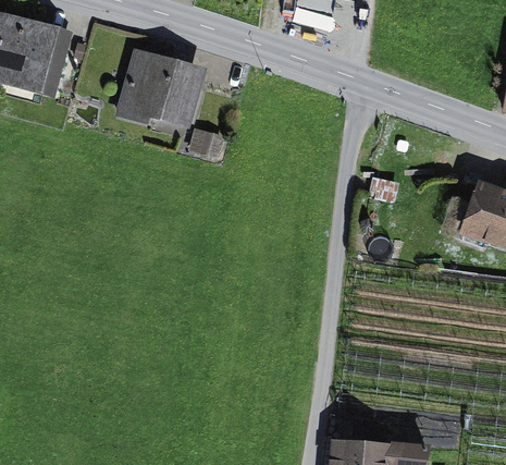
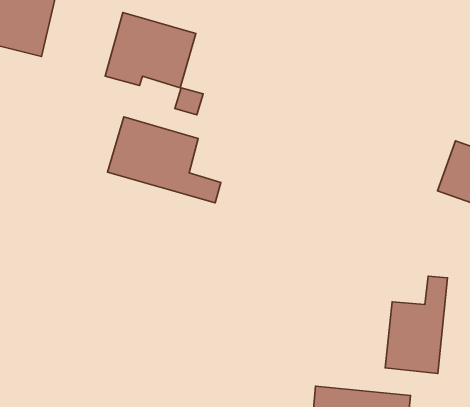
building: none -> [108,117,221,203]
building: none -> [385,276,447,374]

